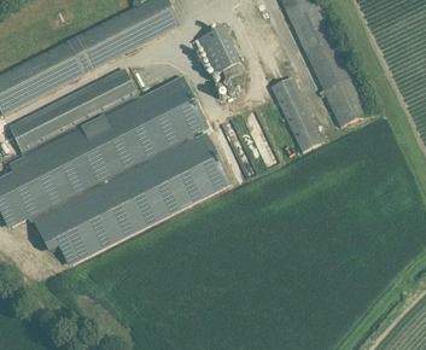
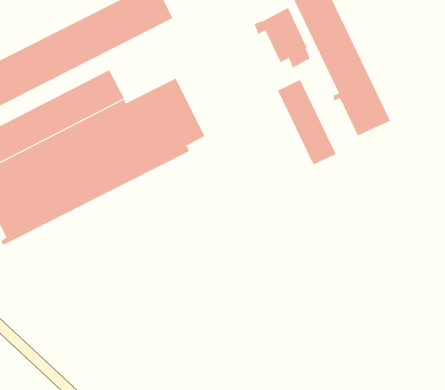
building: [191,27,240,80] -> [254,7,311,68]
building: [35,134,228,264] -> none

